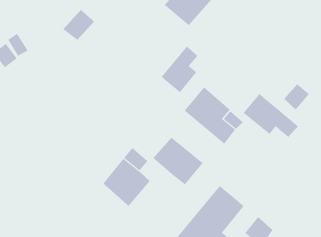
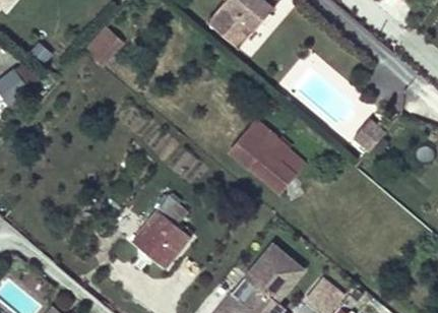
building: [161,46,198,93] -> none
building: [243,93,299,138] -> none
building: [153,137,203,185] -> none

